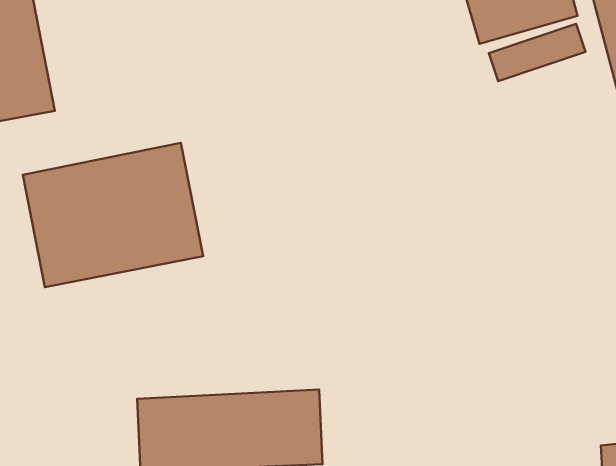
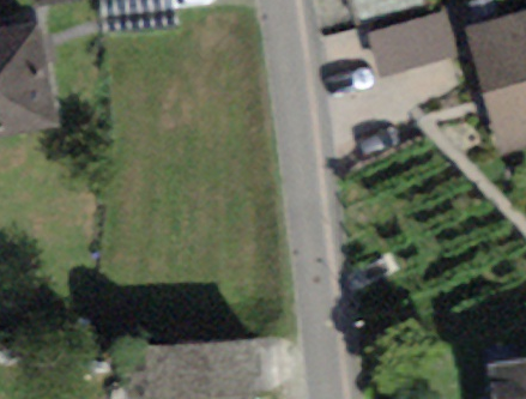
building: [23,143,203,287] -> none

